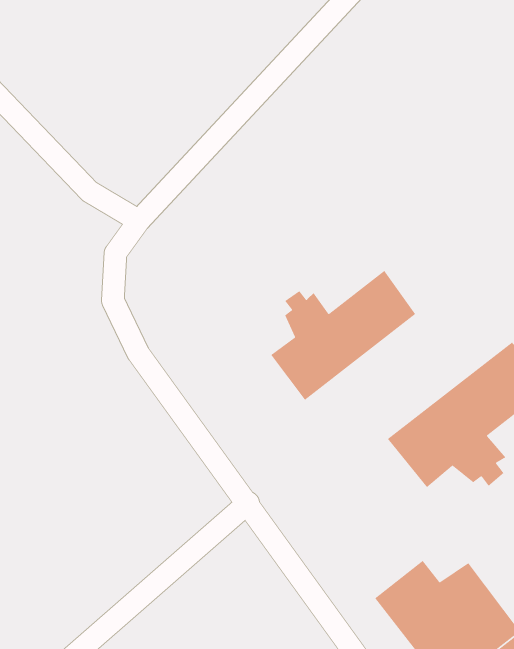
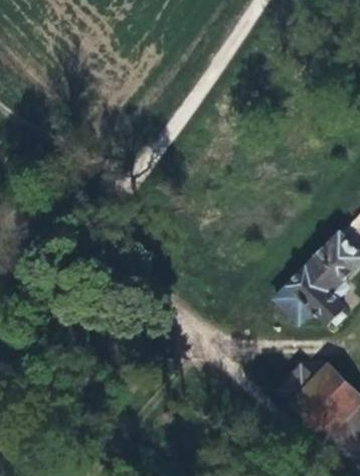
building: [270,270,416,401] -> none

